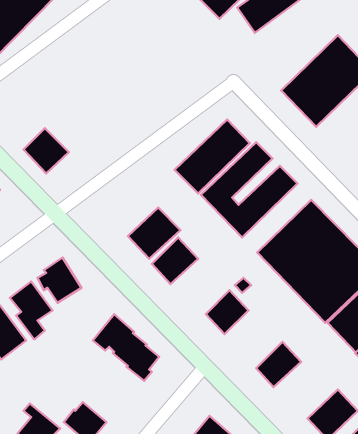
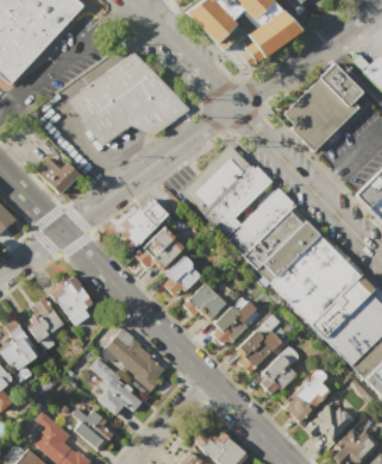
building: none -> [68,51,189,145]
building: none -> [113,195,169,251]
building: none -> [244,211,303,268]
building: none -> [183,282,226,324]
building: none -> [233,330,276,372]
building: none -> [89,357,140,420]
building: none -> [283,370,336,421]

